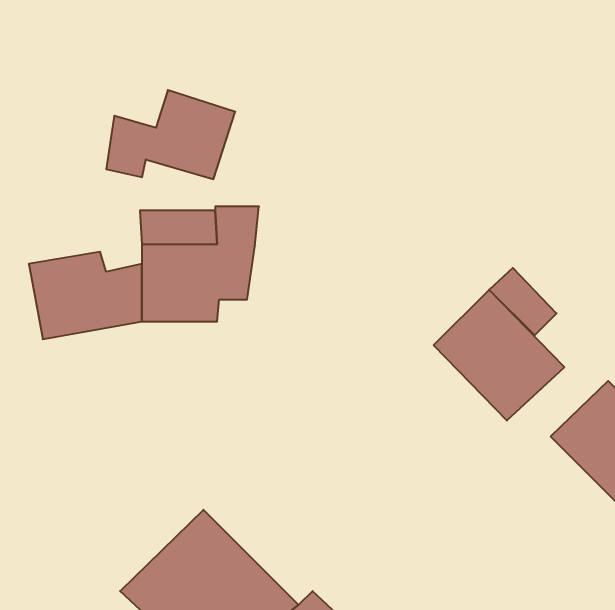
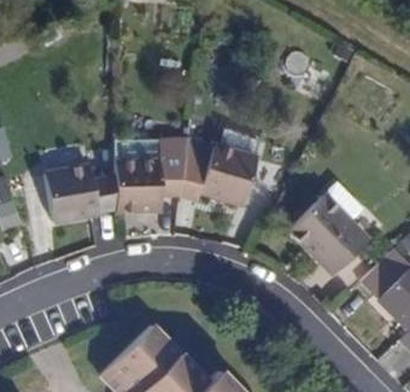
building: [106,90,235,179] -> [177,148,256,203]

